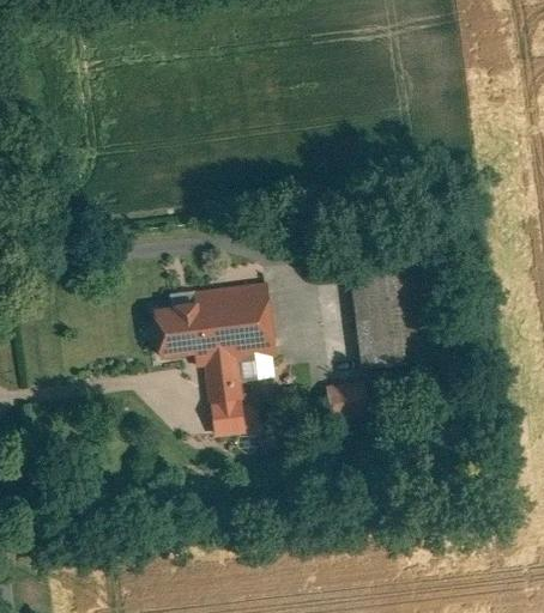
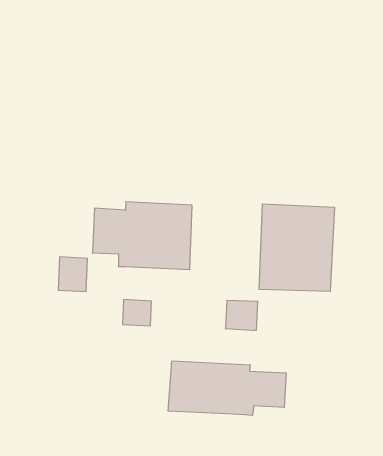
building: [204,362,241,403] -> [58,257,87,292]
building: none -> [168,361,286,416]

